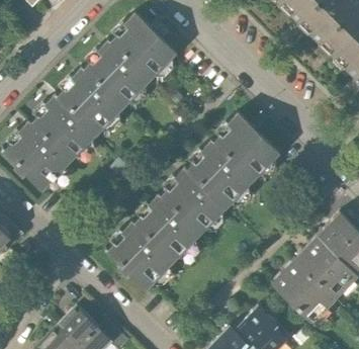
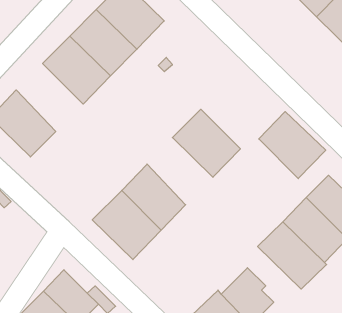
building: [28,99,95,167] -> none
building: [212,117,279,184] -> [259,112,326,179]
building: [159,173,225,240] -> none

